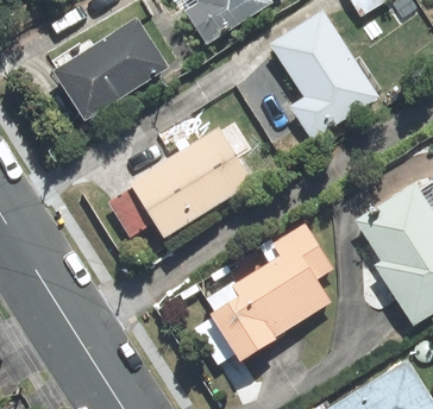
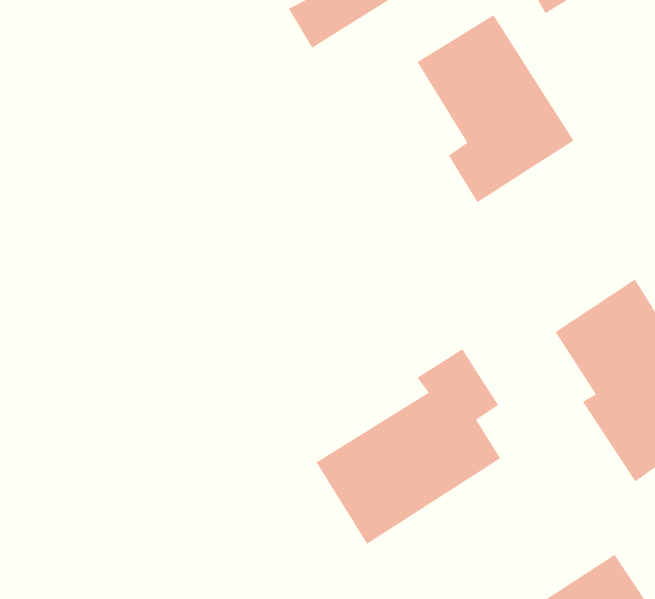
building: [59,23,164,115] -> none
building: [107,132,247,237] -> none

